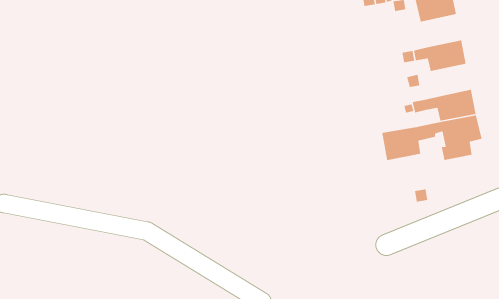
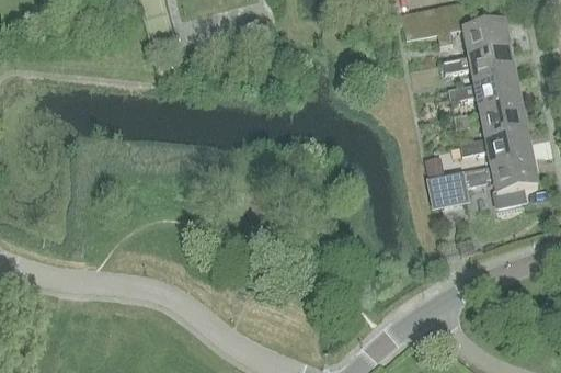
building: none -> [443,47,515,83]
building: none -> [480,102,526,138]

